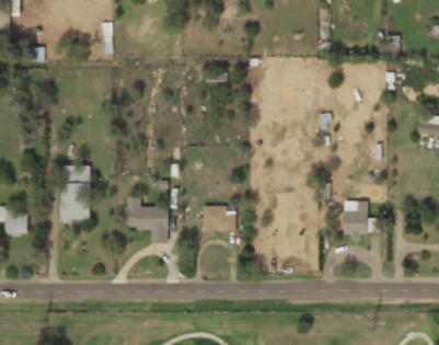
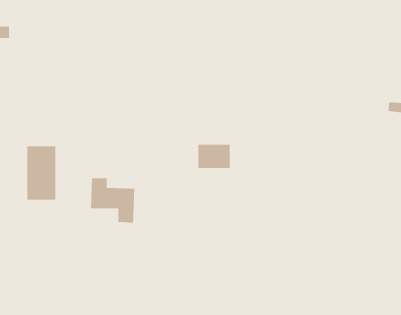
building: [344,200,368,238] -> none
building: [203,206,235,231] -> [198,144,231,169]

